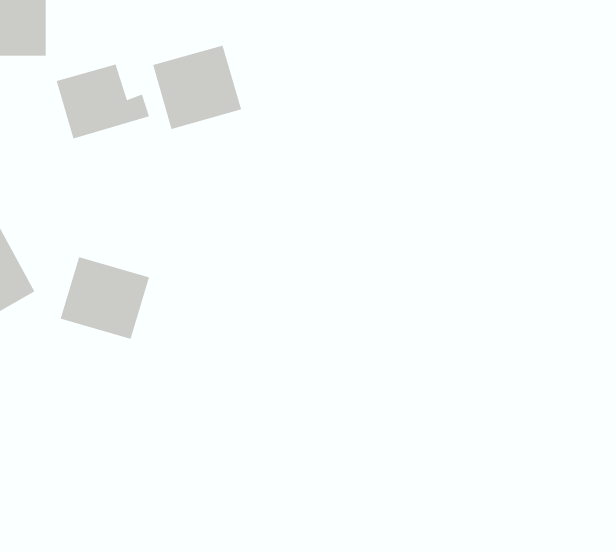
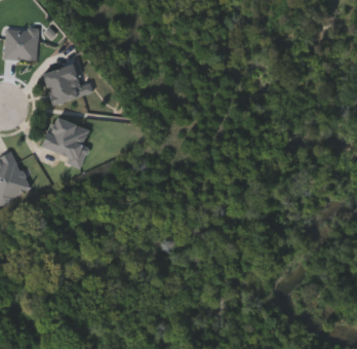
building: [152,45,242,130] -> none
building: [60,257,150,339] -> [42,117,91,162]

